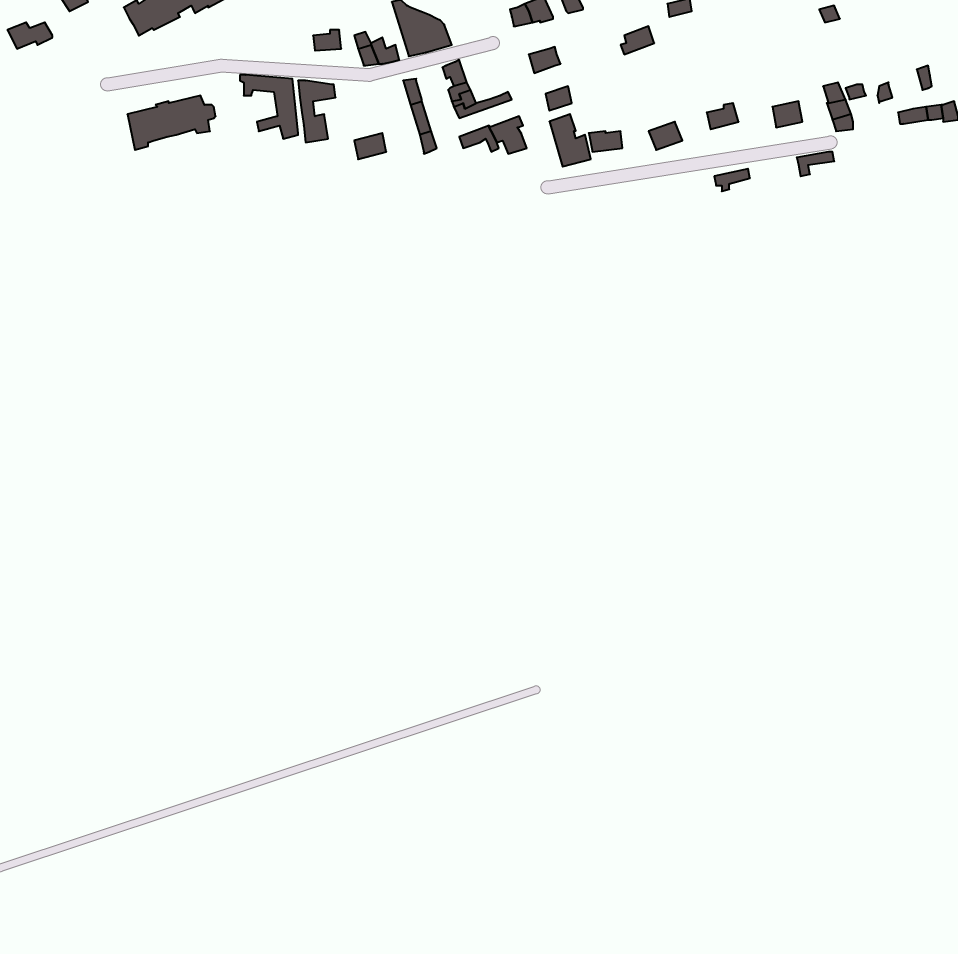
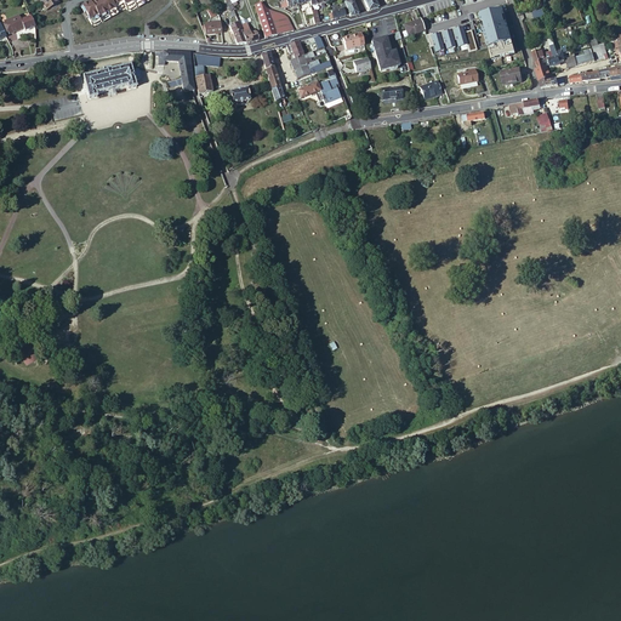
building: none -> [482,7,515,57]
building: none -> [428,25,467,51]
building: [549,114,591,167] -> [371,35,398,69]

